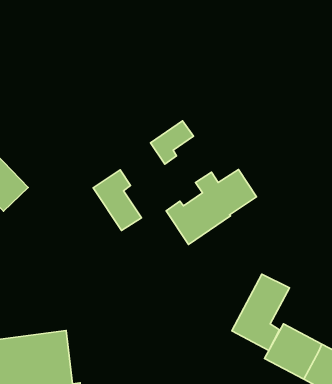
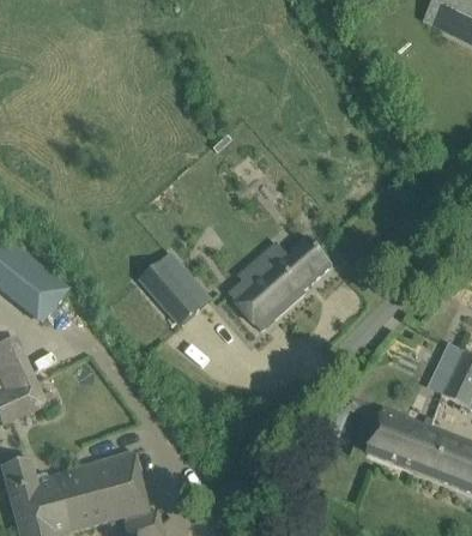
building: [151,121,194,164] -> none
building: [232,274,289,351] -> none

